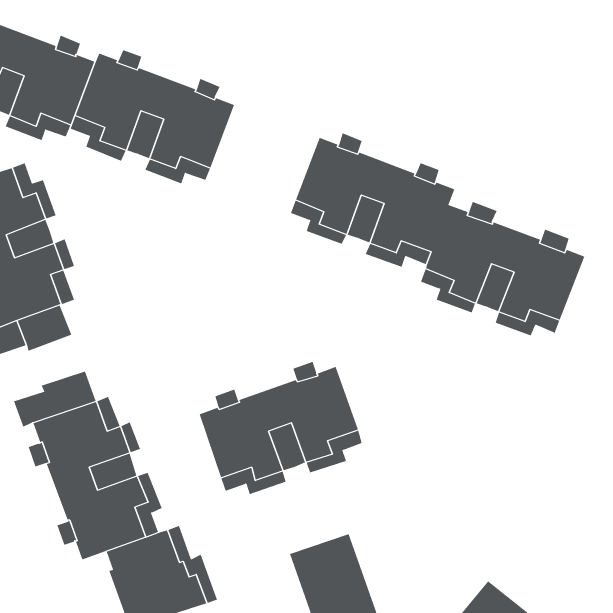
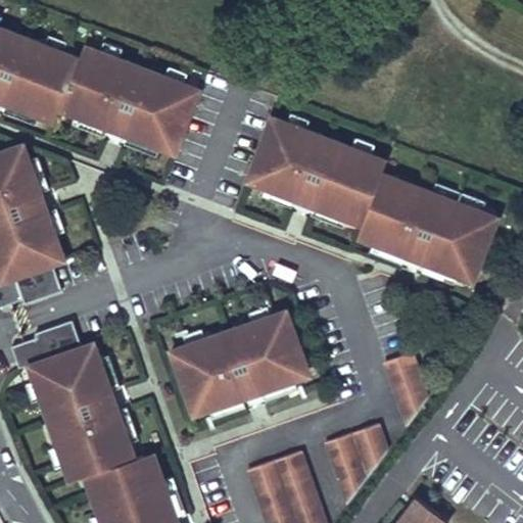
building: none -> [381,355,424,429]
building: none -> [323,427,384,507]

